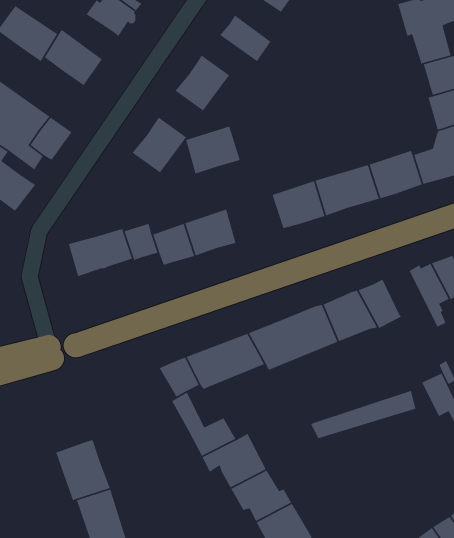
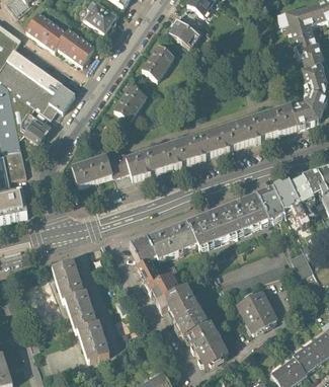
building: [185,125,241,175] -> [173,133,209,164]
building: none -> [272,180,309,225]
building: none -> [52,258,84,297]
building: none -> [237,290,275,330]

